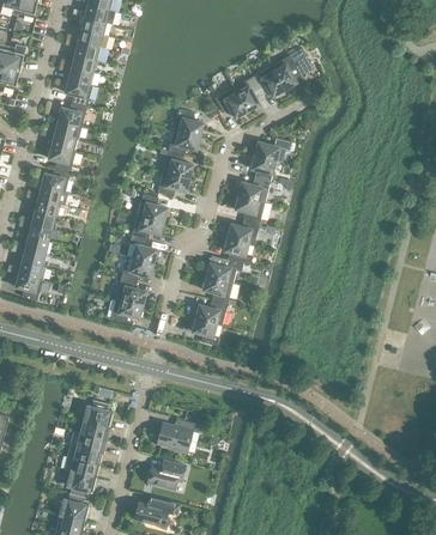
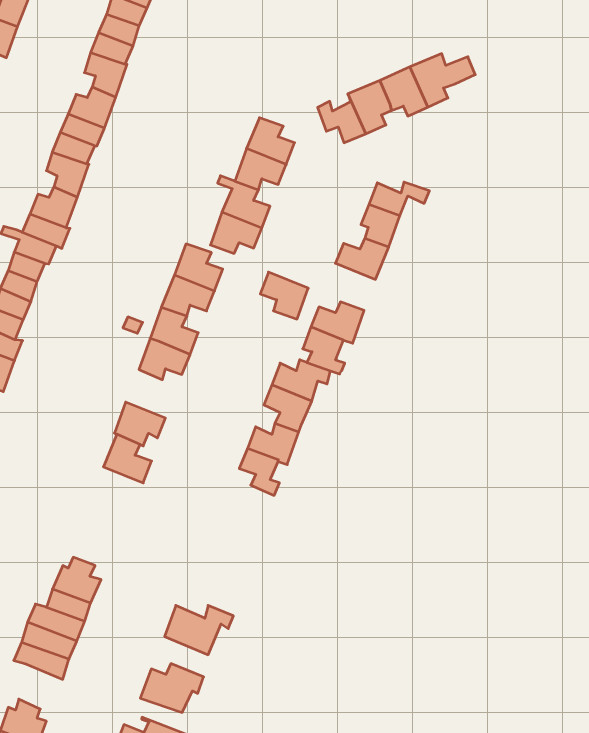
building: [234,195,264,223] -> [260,272,308,319]
building: [115,276,145,305] -> [103,434,152,483]
building: [67,470,96,498] -> none

